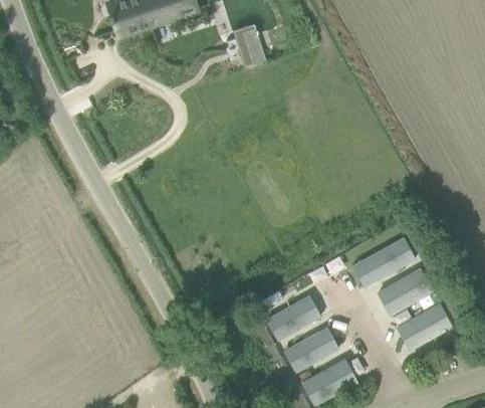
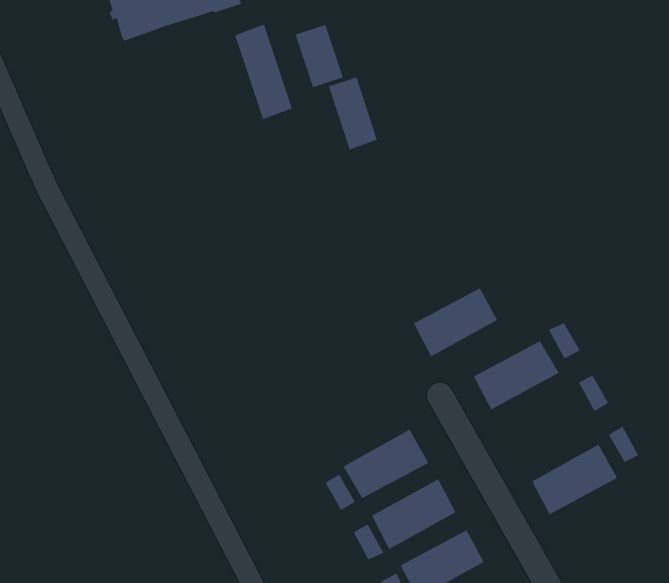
building: none -> [234,24,293,120]
building: none -> [328,76,378,150]
building: [373,270,430,318] -> [413,287,498,358]

